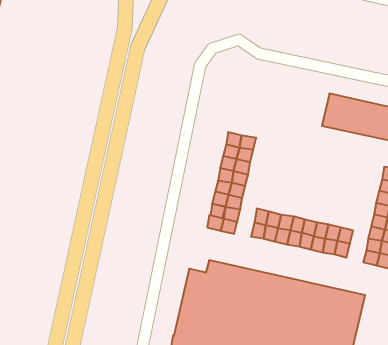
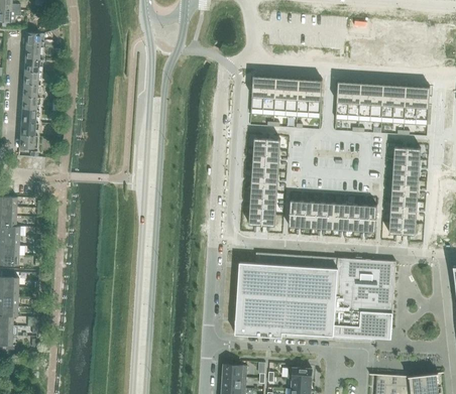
building: none -> [251,86,322,119]

